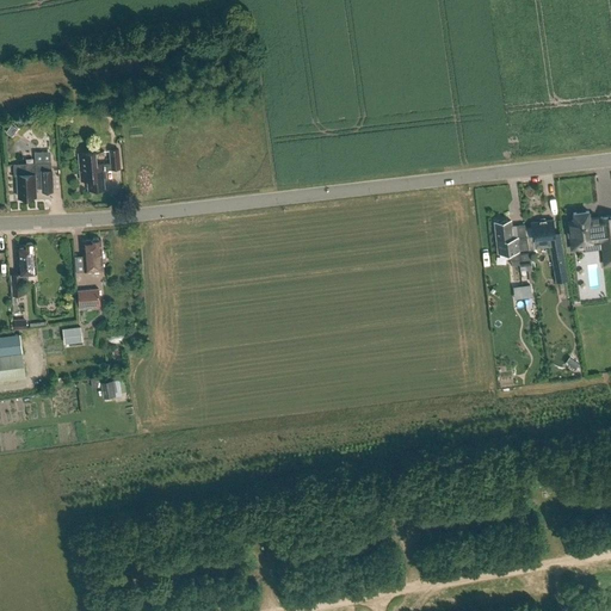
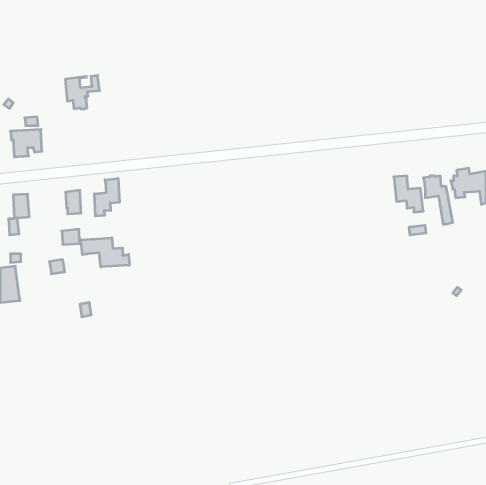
building: [78,149,121,191] -> [65,75,100,109]
building: none -> [94,178,119,216]
building: none -> [81,238,129,267]

